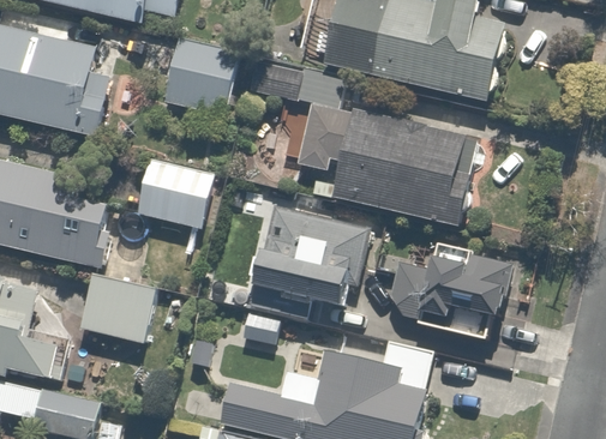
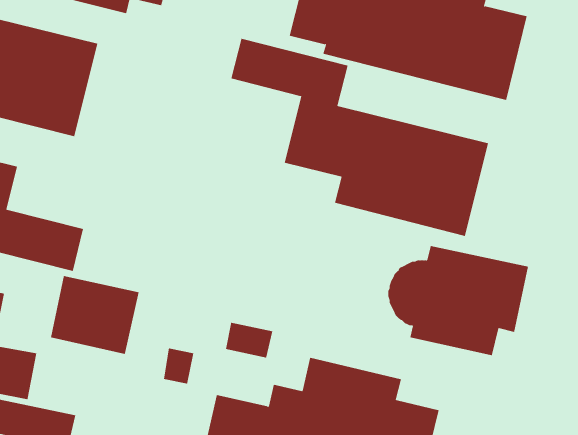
building: [161,35,238,114] -> none
building: [132,155,216,227] -> none
building: [247,197,361,309] -> none

